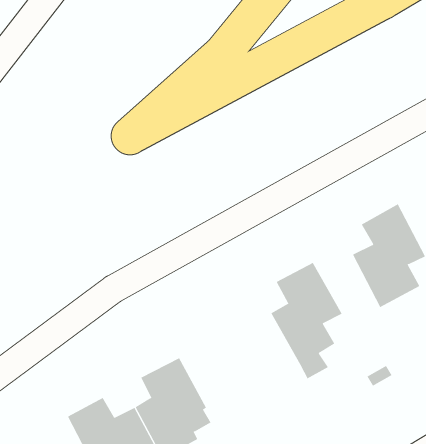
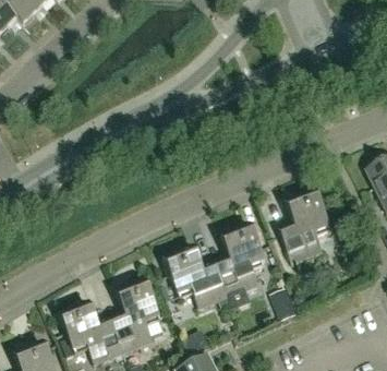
building: none -> [165,246,230,307]

